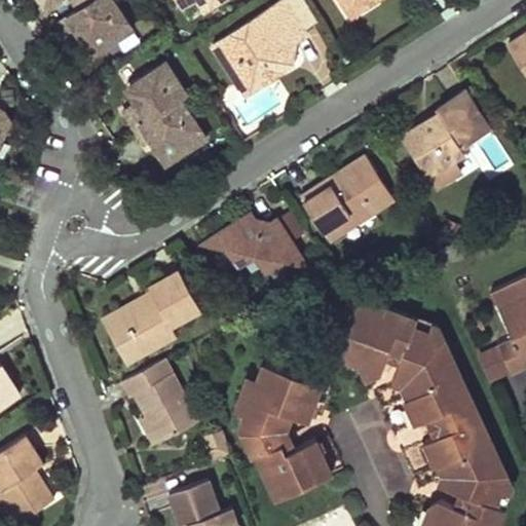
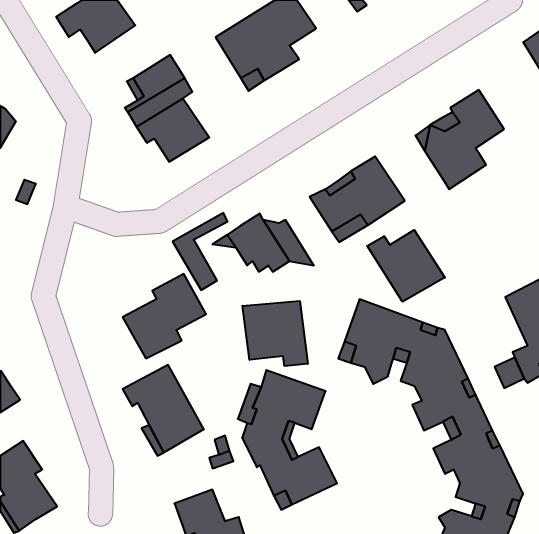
building: none -> [367,230,445,302]
building: [100,289,153,364] -> [173,213,228,290]
building: none -> [242,301,308,366]

